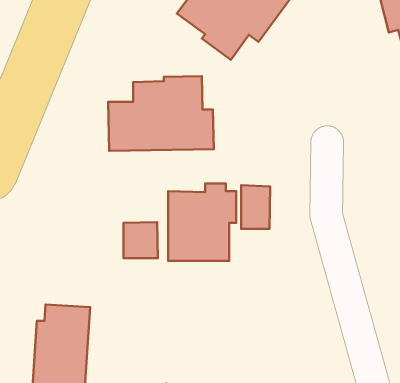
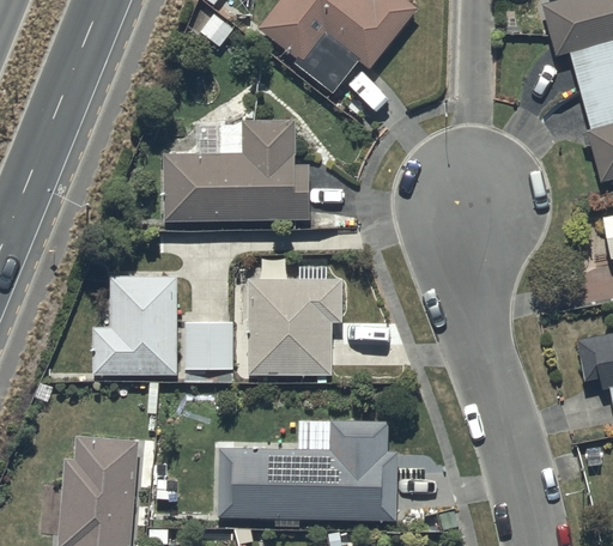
building: [241,185,270,229] -> none
building: none -> [92,274,178,375]
building: none -> [217,421,396,527]

